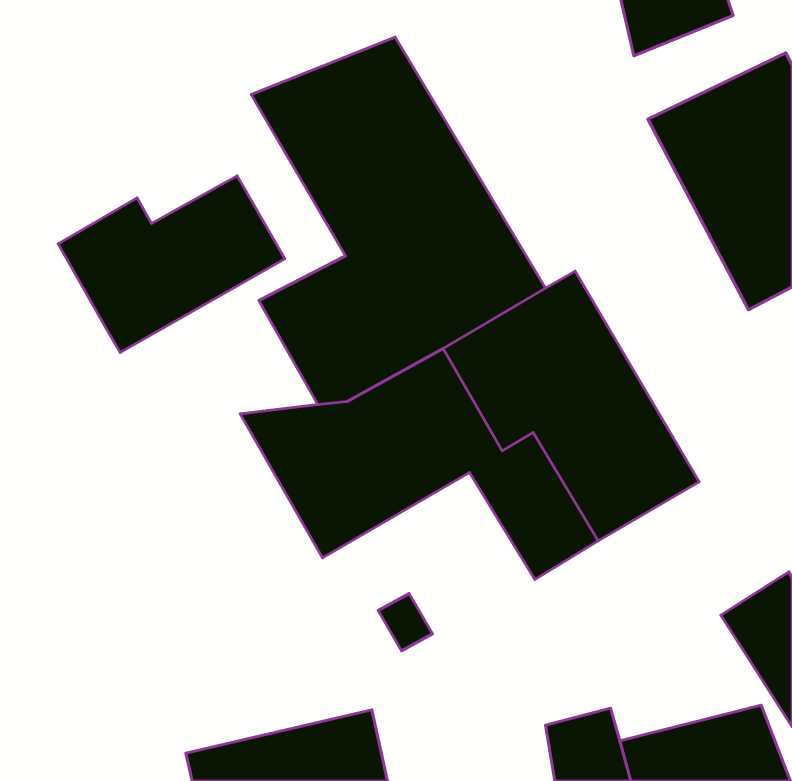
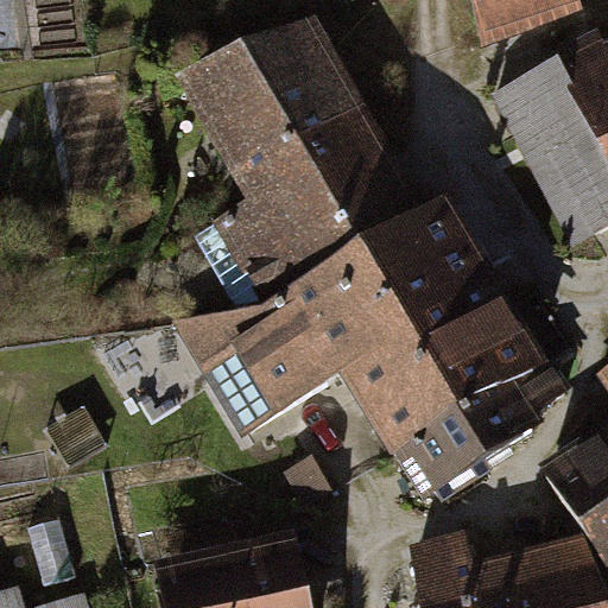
building: [58,176,285,353] -> none
building: none -> [410,361,566,494]

